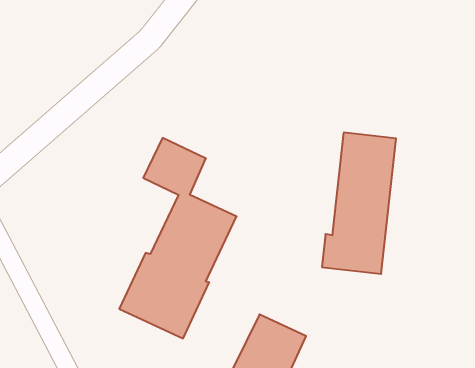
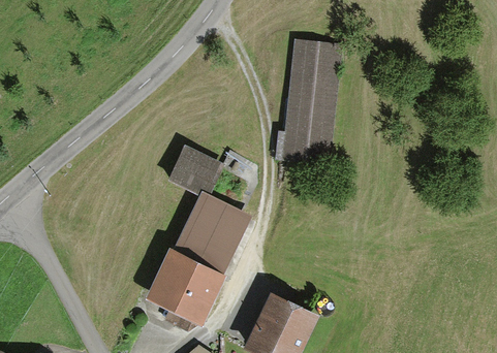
building: [322,133,396,274] -> [275,37,342,165]

